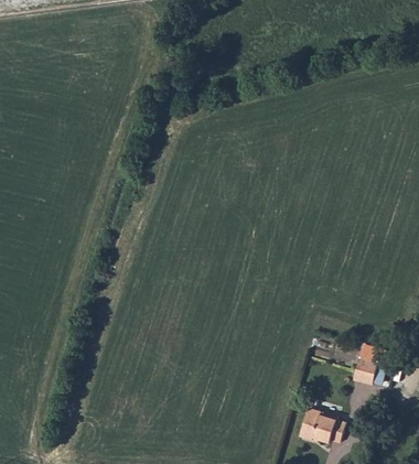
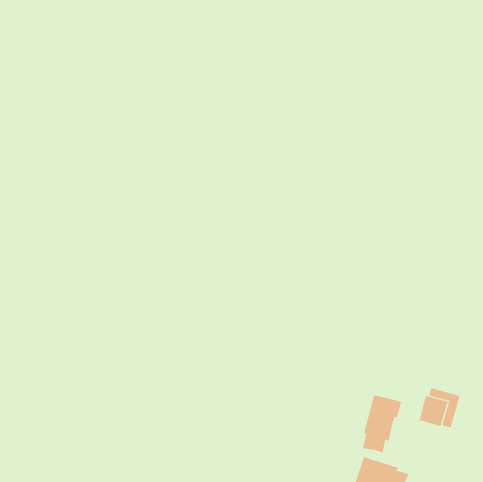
building: none -> [362,394,402,453]

